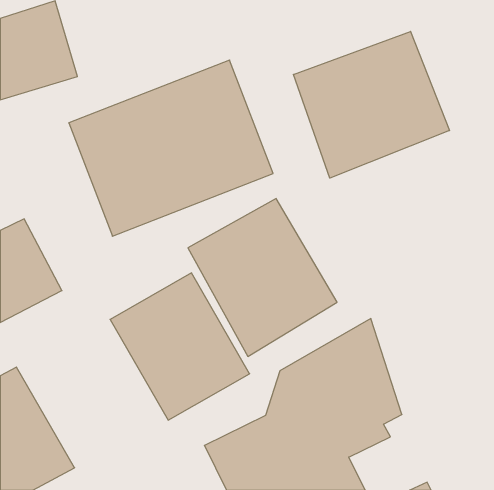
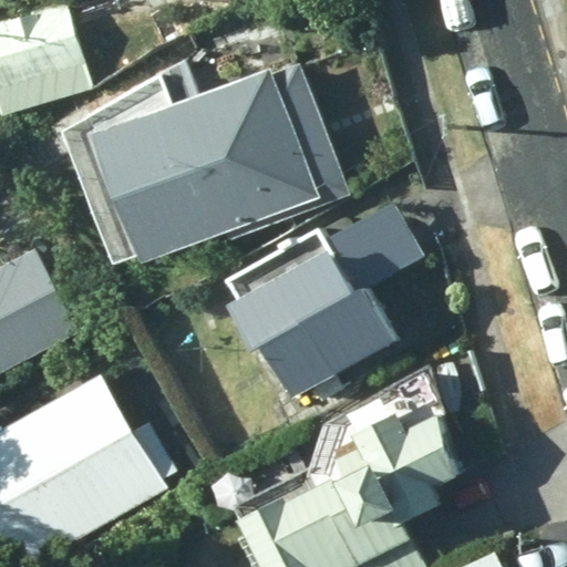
building: [293,31,449,178] -> none
building: [110,273,250,420] -> [20,367,179,535]

